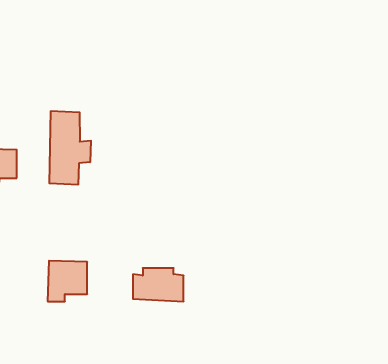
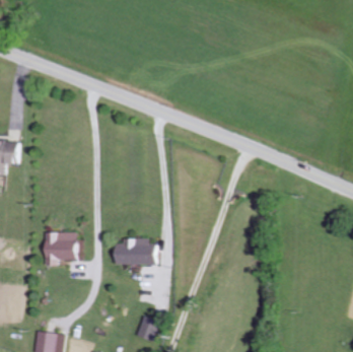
building: [49,111,91,185] -> none

